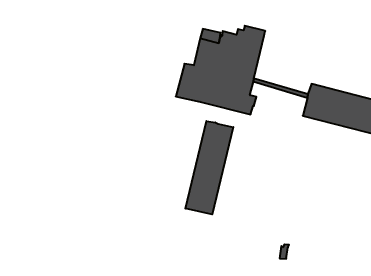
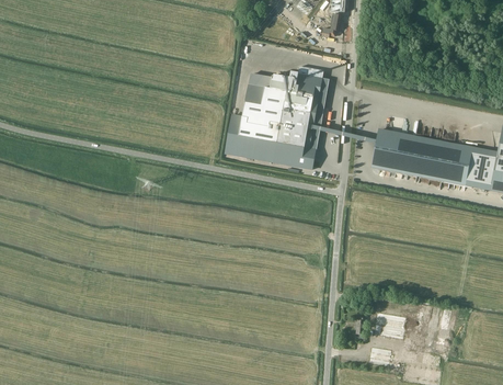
building: [185,121,233,214] -> none

